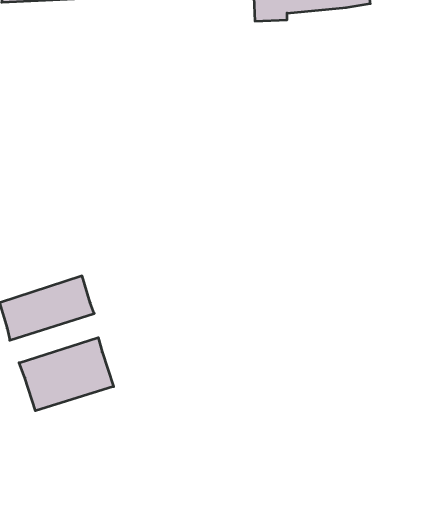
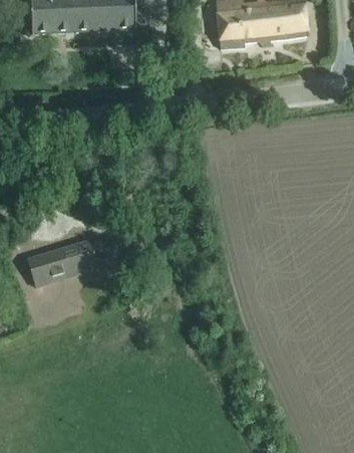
building: [19,338,114,411] -> none

